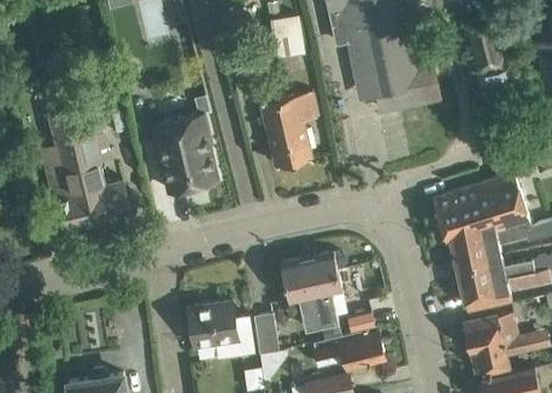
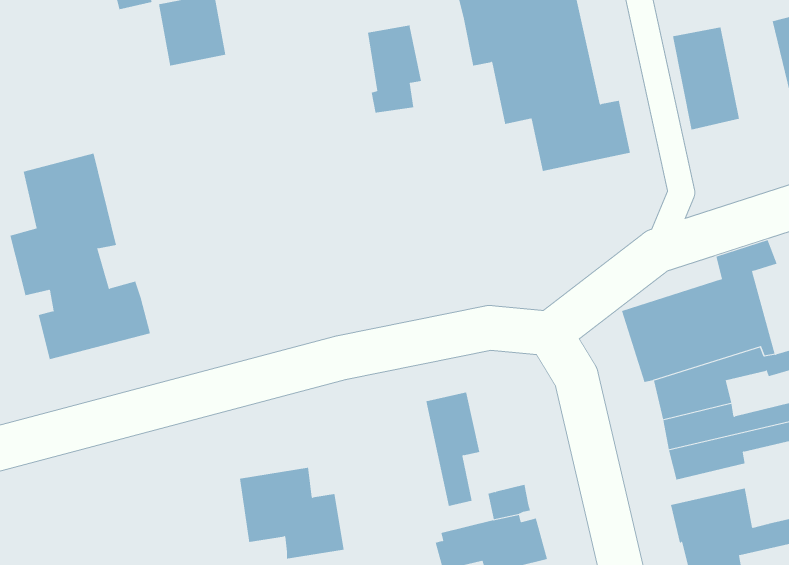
building: [263,95,316,166] -> none
building: [153,113,216,193] -> none
building: [280,258,321,329] -> none
building: [252,313,278,357] -> none

